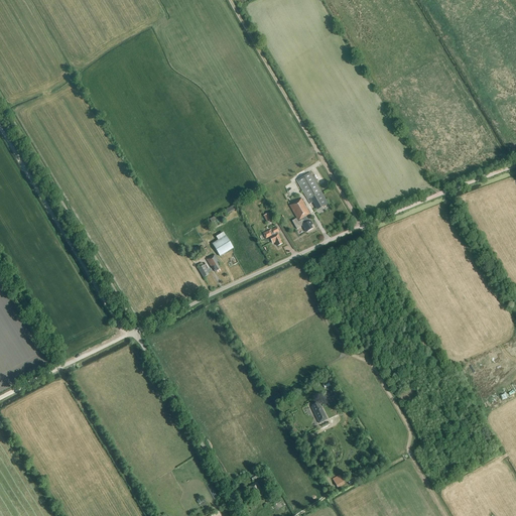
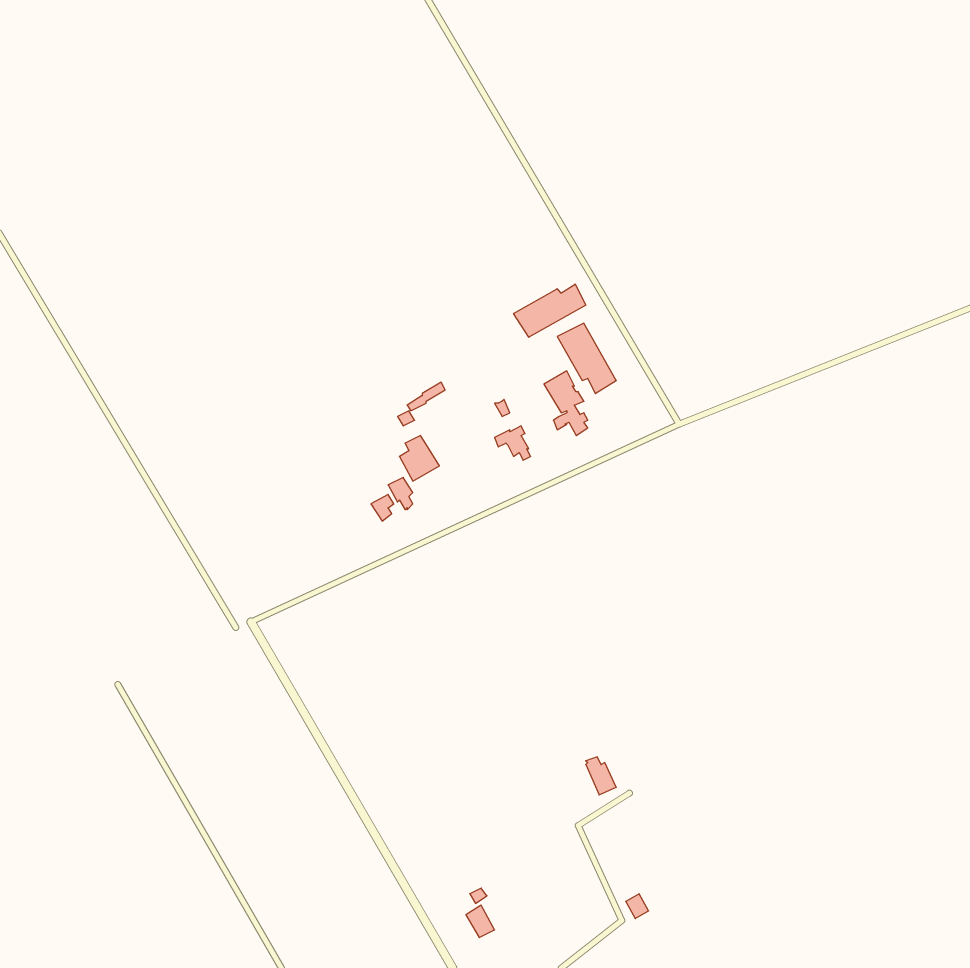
building: none -> [514,284,586,337]

